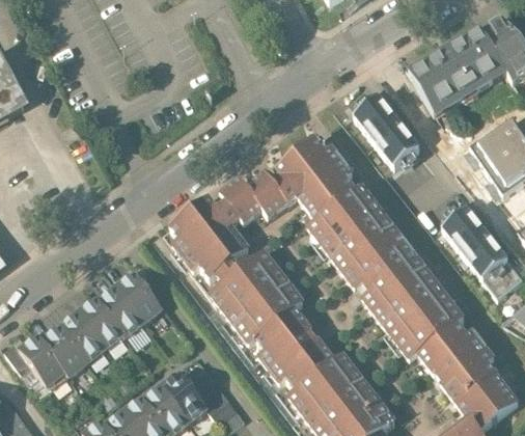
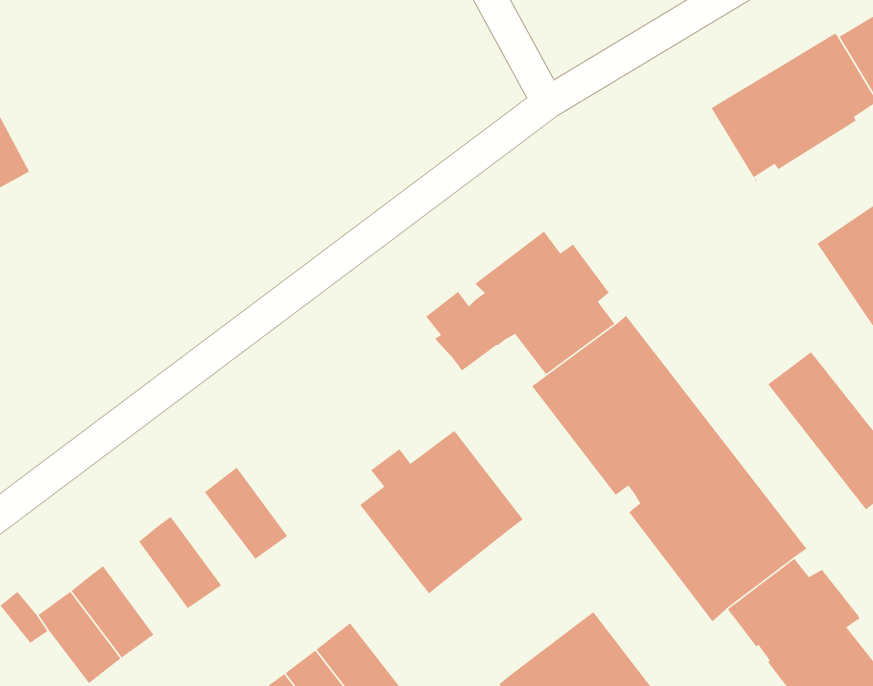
building: [353,93,418,165] -> none
building: [169,179,261,279] -> none
building: [103,287,150,339] -> none
building: [255,308,334,390] -> none
building: [64,315,112,367] -> none

